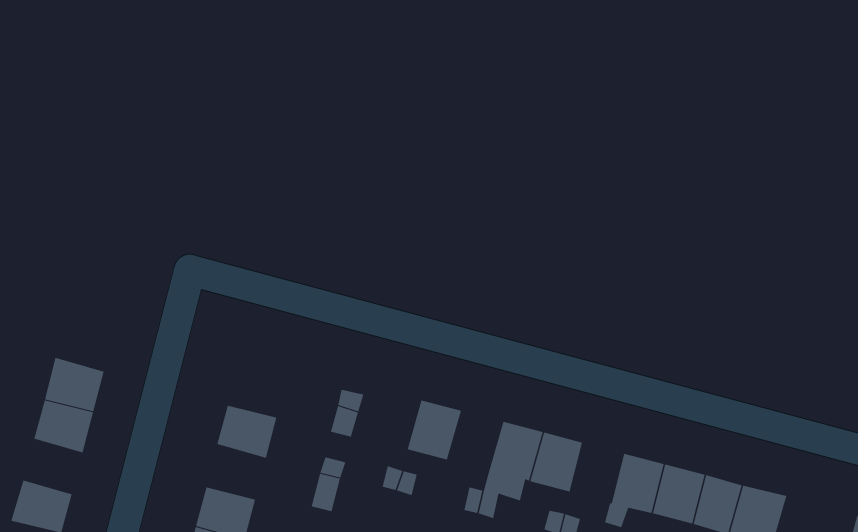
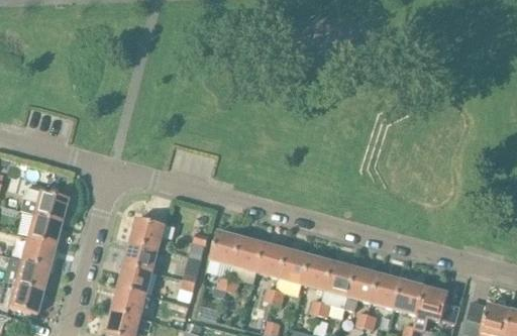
building: none -> [22,186,67,221]
building: none -> [130,216,175,247]
building: none -> [210,230,240,265]
building: none -> [255,243,287,277]
building: none -> [14,259,48,291]
building: none -> [325,261,355,296]
building: none -> [118,262,152,294]

